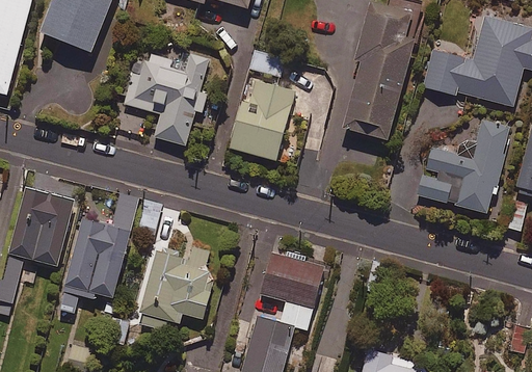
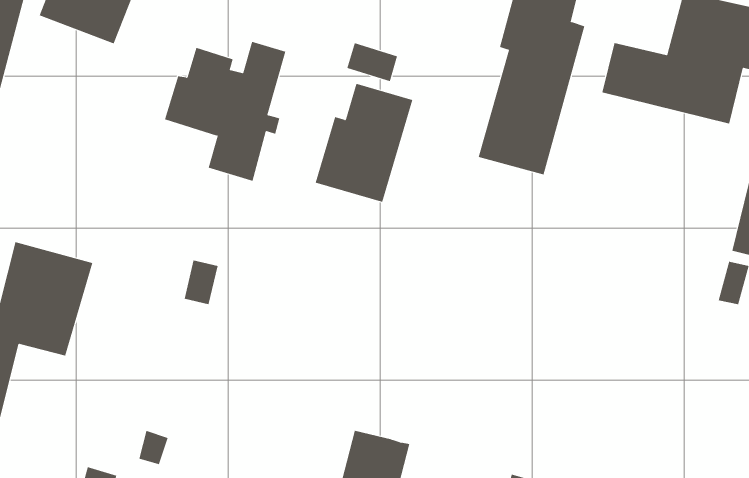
building: [416,119,512,213] -> none
building: [59,195,138,312] -> none
building: [135,246,214,330] -> none
building: [262,254,324,330] -> none

